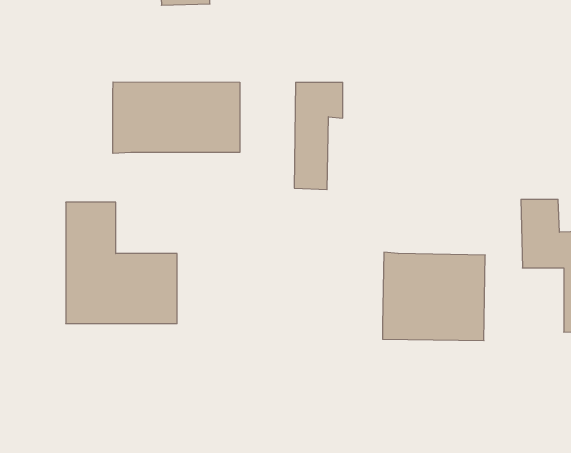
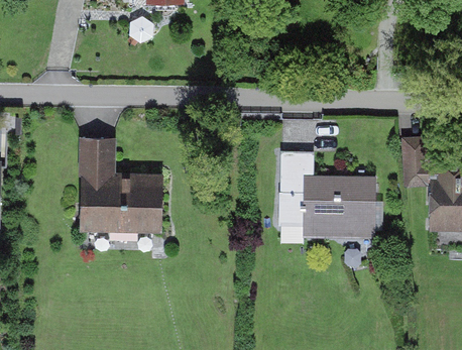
building: [113,82,240,153] -> none
building: [294,82,343,190] -> [281,154,316,230]

